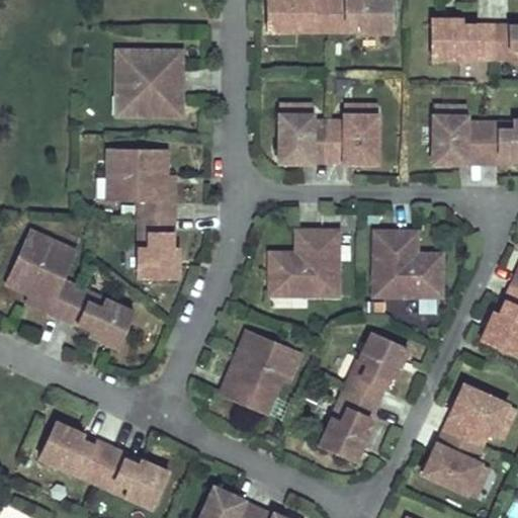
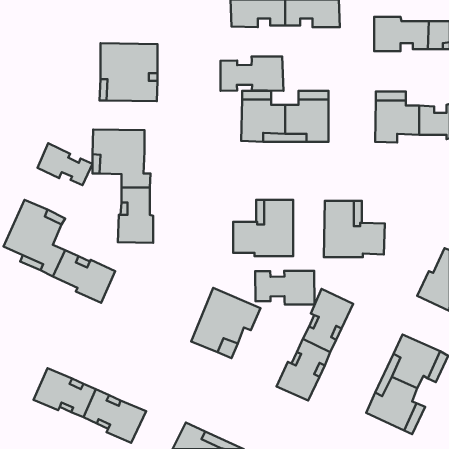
building: none -> [221,56,283,91]
building: none -> [37,143,92,185]
building: none -> [255,271,315,305]

